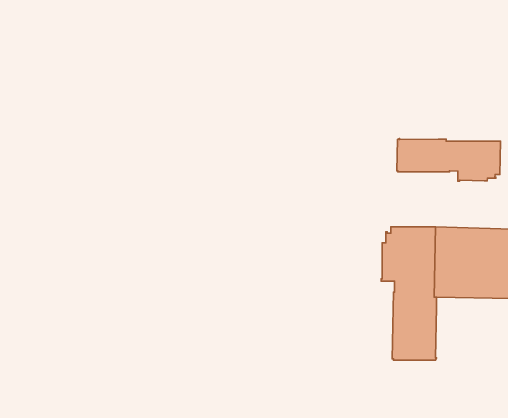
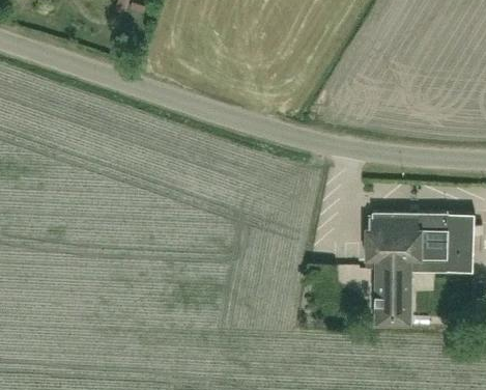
building: [397,138,500,181] -> none

